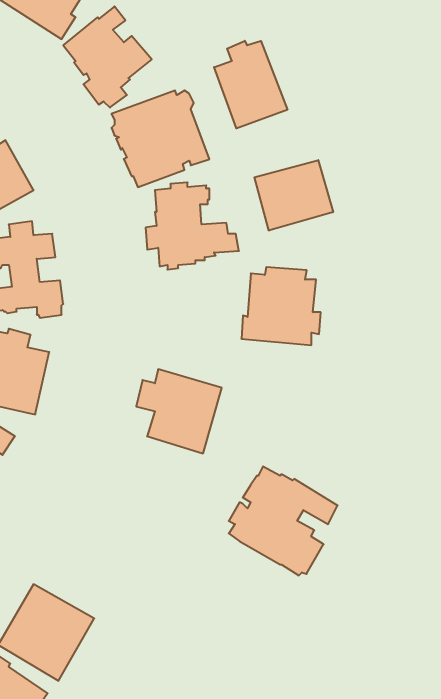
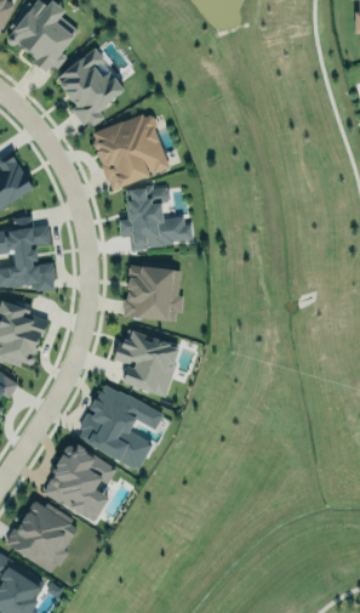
building: [214,41,287,128] -> none
building: [254,160,333,231] -> none
building: [241,267,321,345] -> [122,261,184,322]
building: [229,466,338,575] -> [79,385,164,470]
building: none -> [44,444,118,521]

